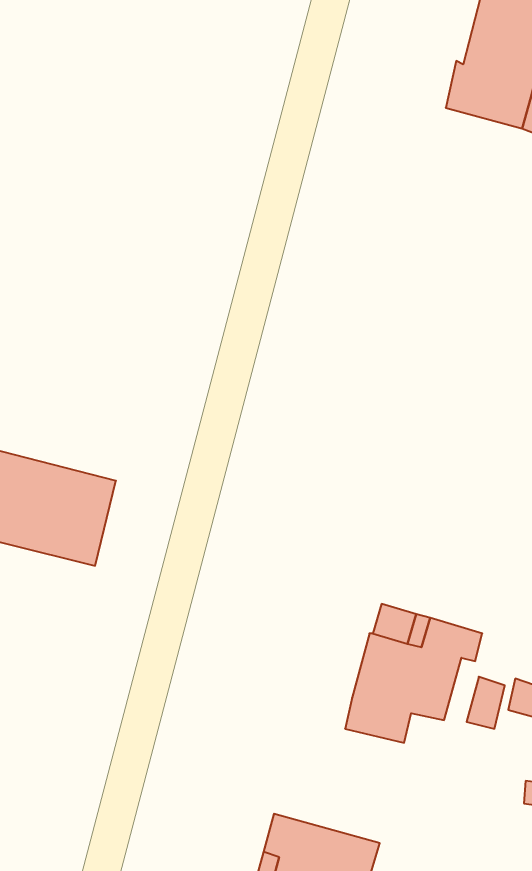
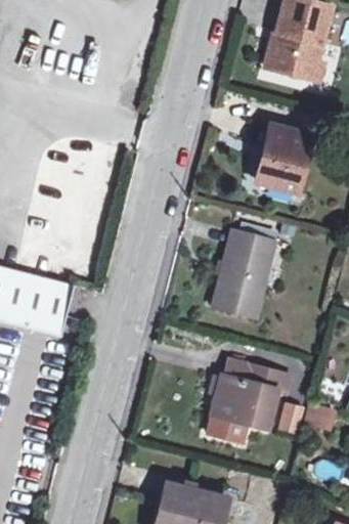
building: none -> [258,126,311,191]
building: none -> [213,229,274,318]

